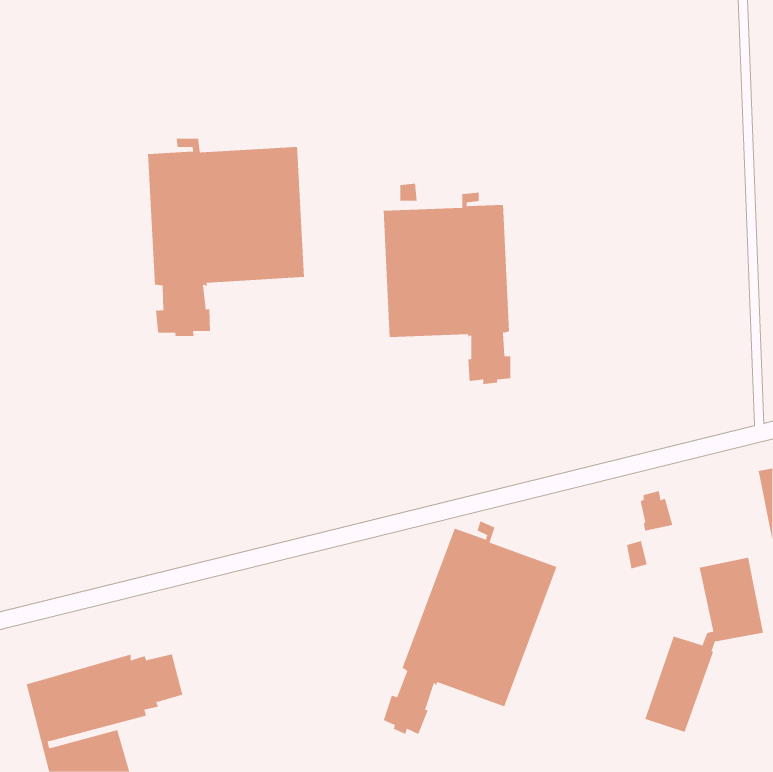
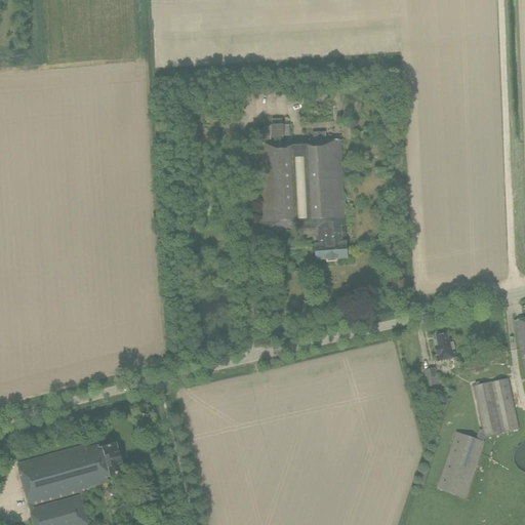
building: [148,138,305,337] -> none
building: [383,521,557,735] -> none

